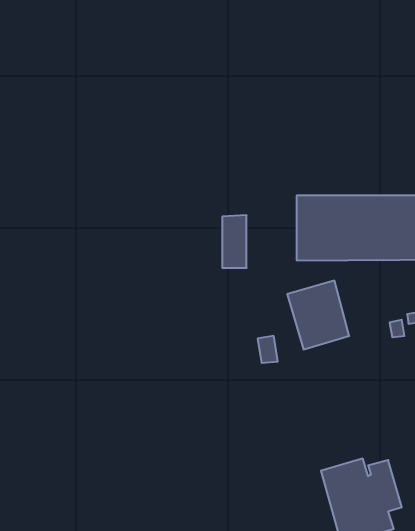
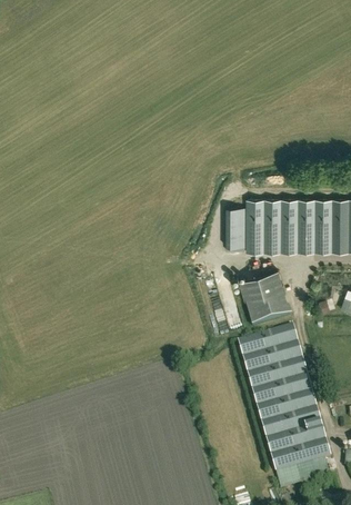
building: [222,215,247,268] -> [224,208,244,251]
building: none -> [242,333,317,420]

